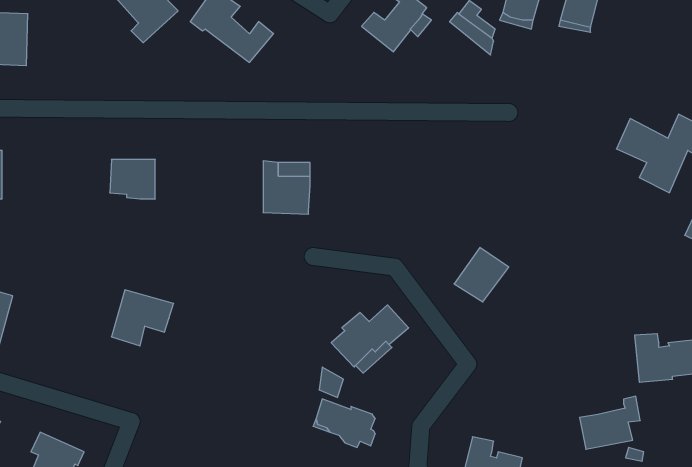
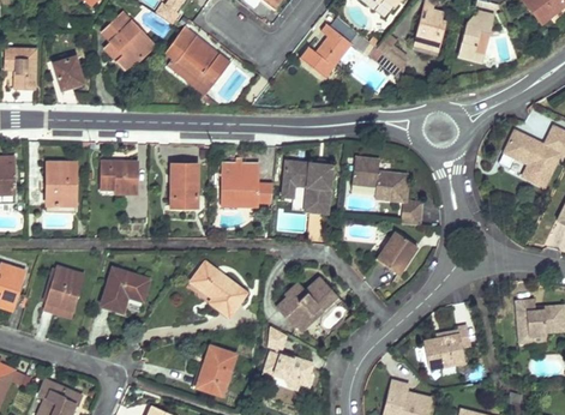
building: none -> [54,55,83,86]
building: none -> [349,158,420,225]
building: none -> [48,161,77,205]
building: none -> [281,161,331,213]
building: none -> [170,164,197,207]
building: none -> [191,261,246,314]
building: none -> [44,265,85,315]
building: none -> [197,343,235,392]
building: [580,396,640,449] -> [421,327,469,369]

